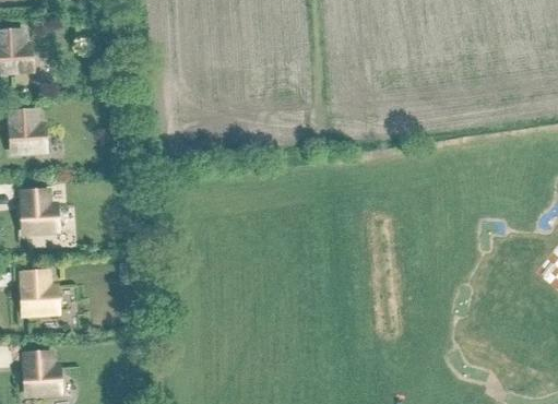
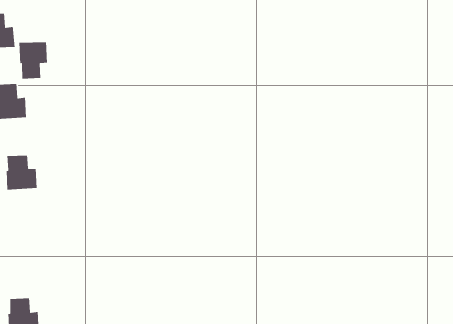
building: none -> [18,41,48,80]
building: [22,272,58,313] -> none

